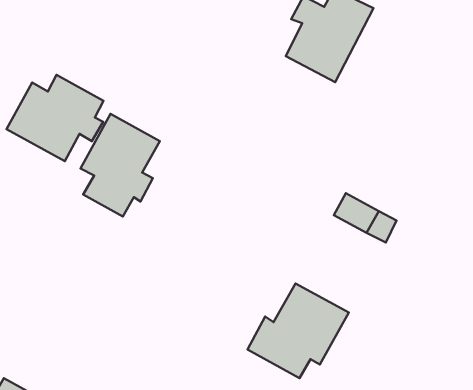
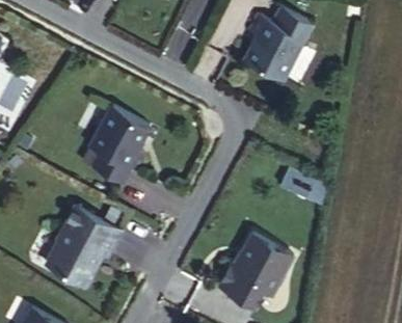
building: [7,75,103,161] -> none
building: none -> [47,207,119,284]

